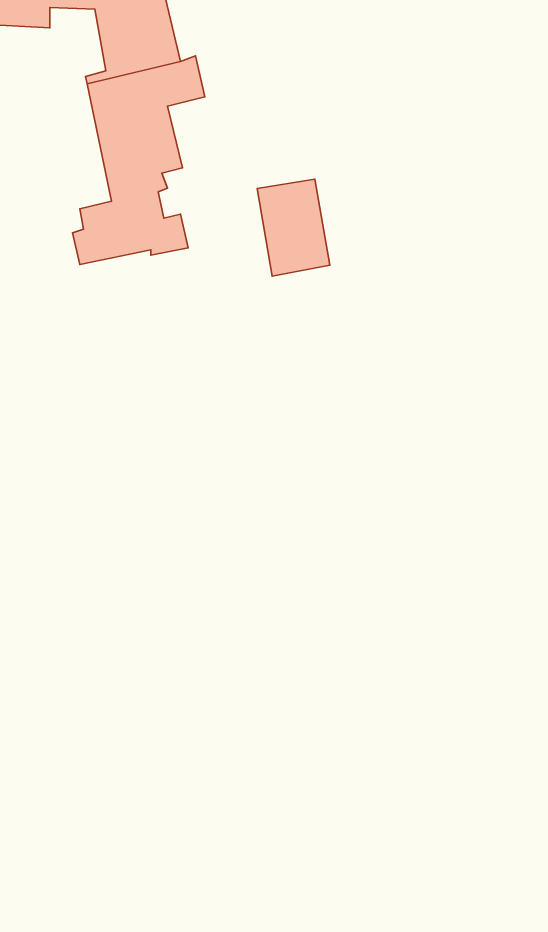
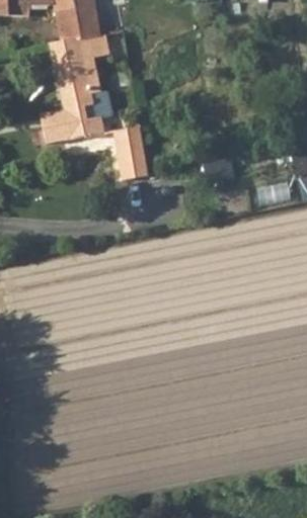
building: [257,179,330,276] -> [110,128,150,181]

